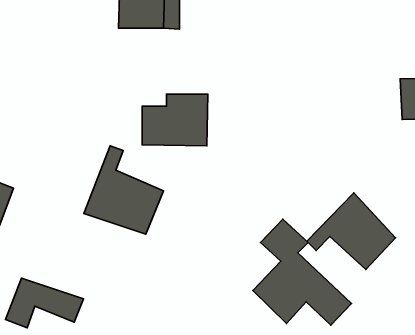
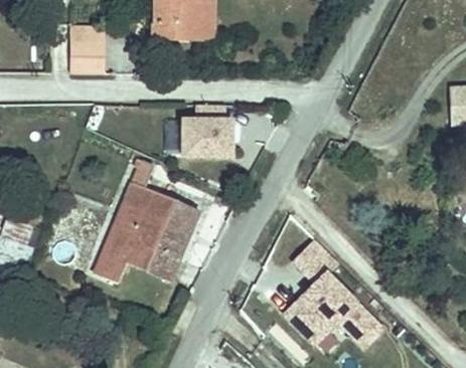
building: none -> [64,30,97,64]
building: [307,193,395,269] -> none
building: [6,278,84,328] -> [88,233,171,287]

